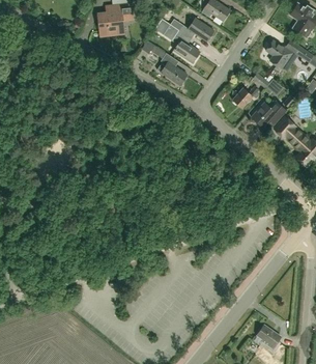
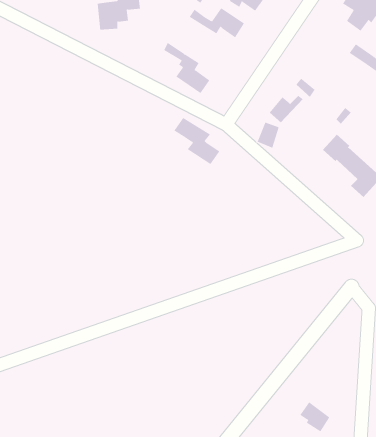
building: [163,25,199,62] -> [173,117,220,165]
building: [265,39,293,68] -> none
building: [251,103,286,128] -> none

